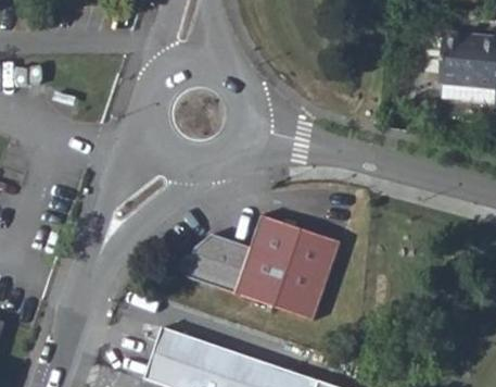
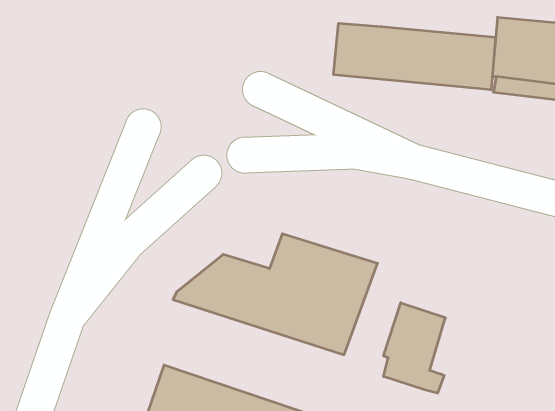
building: none -> [334,23,495,90]
building: none -> [384,303,445,393]

